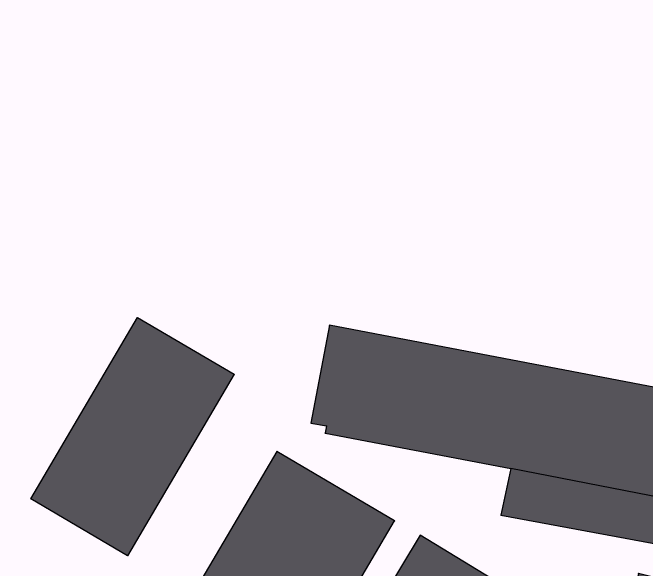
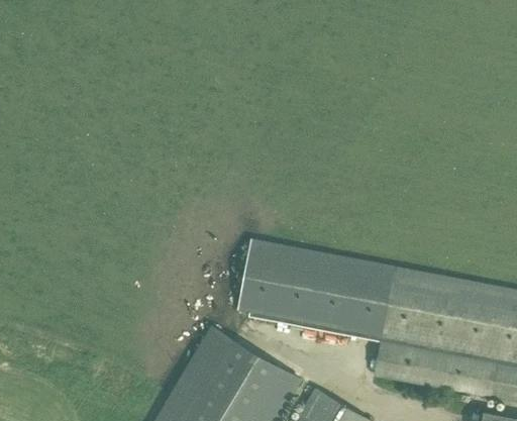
building: [31,318,234,556] -> none

